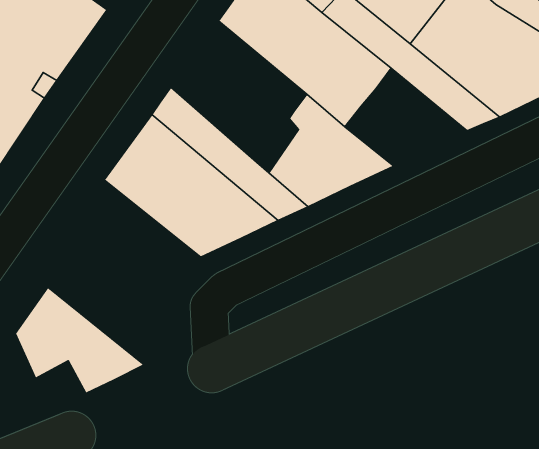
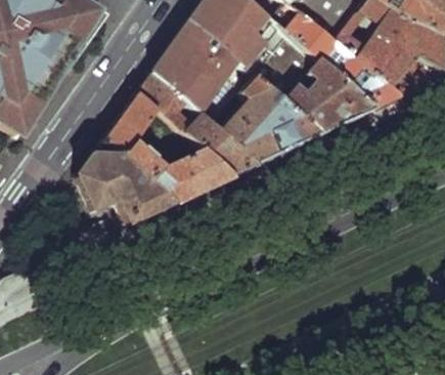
building: none -> [153,19,256,126]
building: none -> [284,55,376,129]
building: [15,287,144,393] -> [79,139,176,219]

